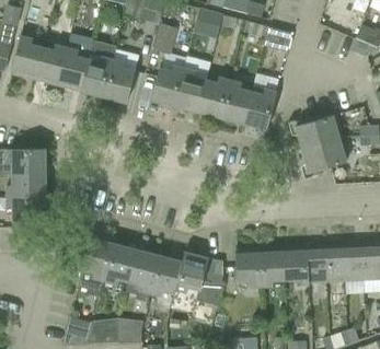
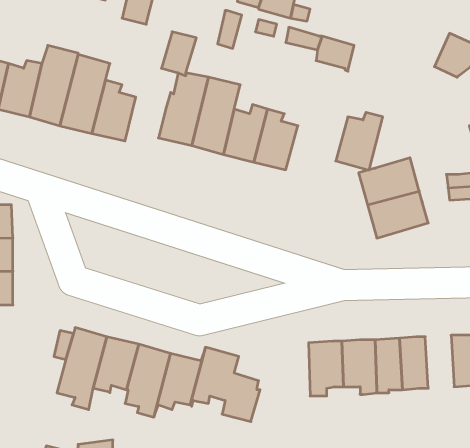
building: [242,89,276,130] -> [336,112,383,170]
building: [343,243,364,281] -> none
building: [234,248,260,288] -> none

